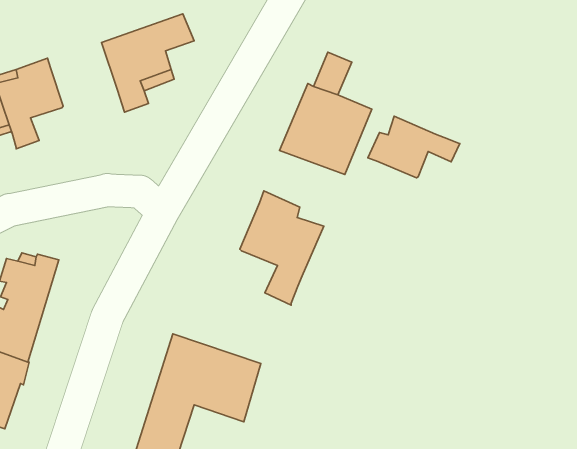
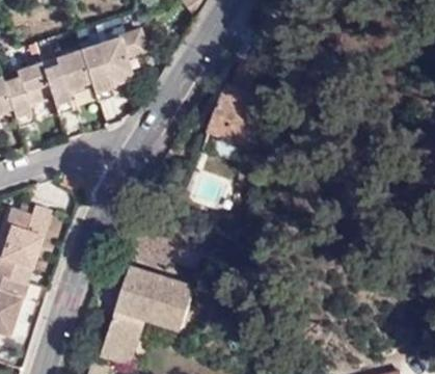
building: none -> [42,51,90,115]
building: [368,116,460,178] -> none
building: [240,191,324,305] -> none

